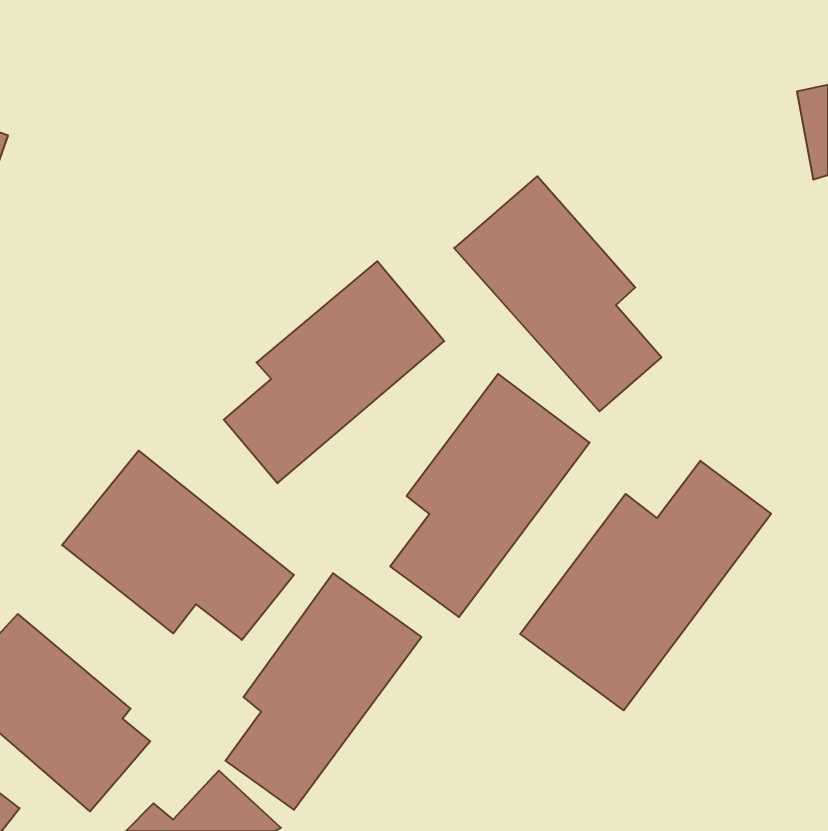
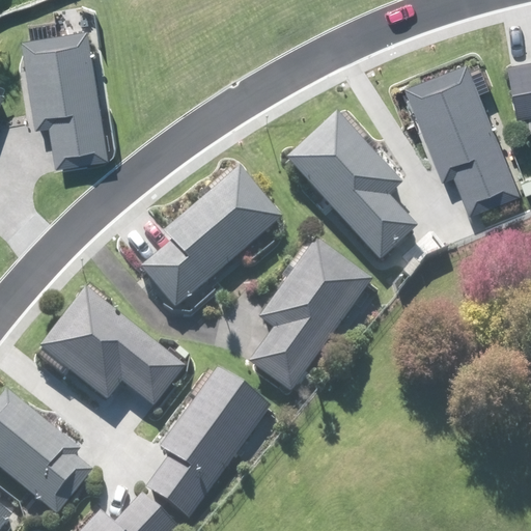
building: none -> [22,23,111,162]
building: none -> [396,57,511,212]
building: [520,461,771,710] -> none

